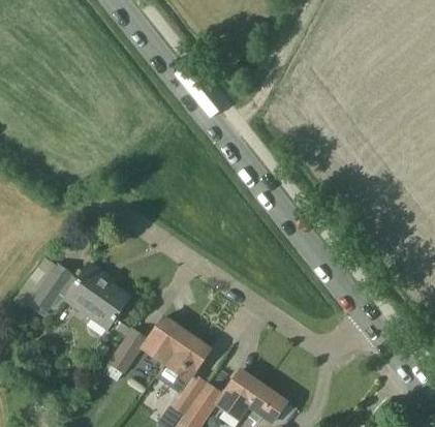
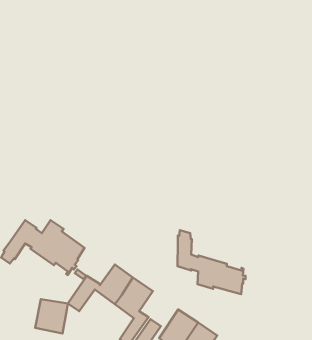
building: none -> [177,230,245,294]
building: none -> [35,299,68,333]

